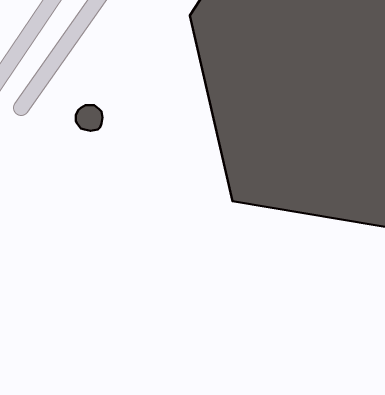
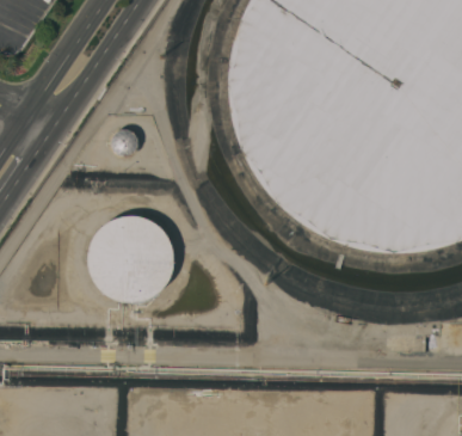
building: none -> [88,216,174,303]

